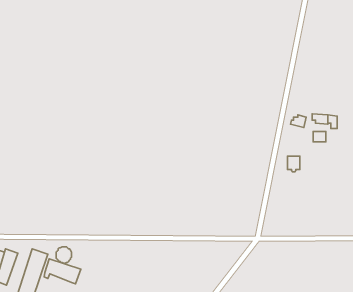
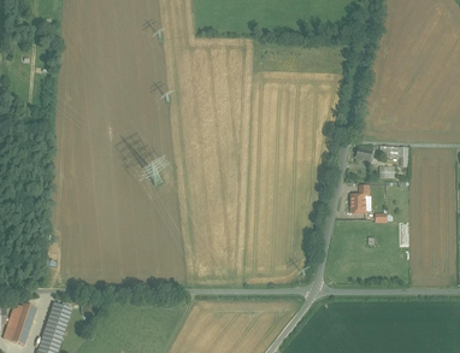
building: [44,259,81,284] -> none

